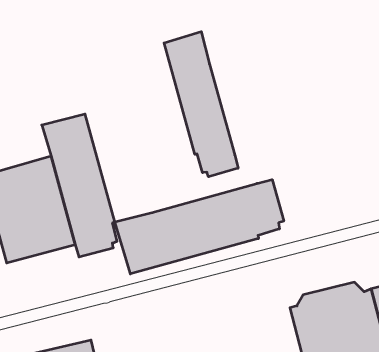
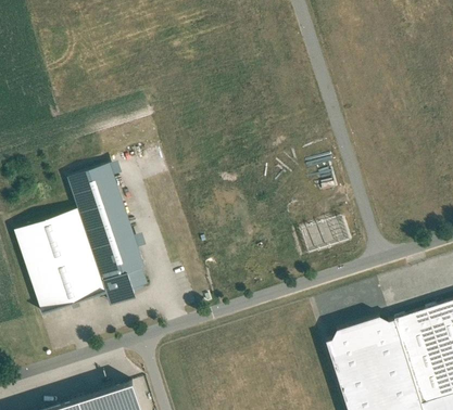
building: [164,32,238,177] -> none
building: [115,180,284,274] -> none

